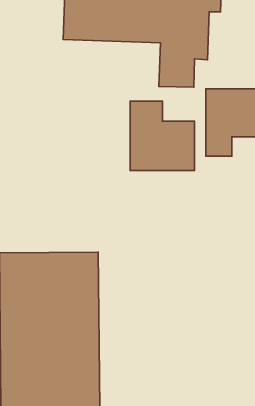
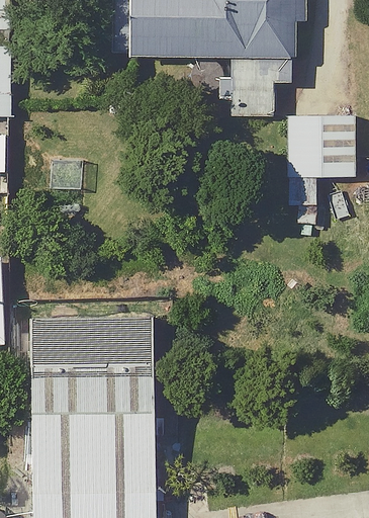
building: [130,101,195,170] -> none

